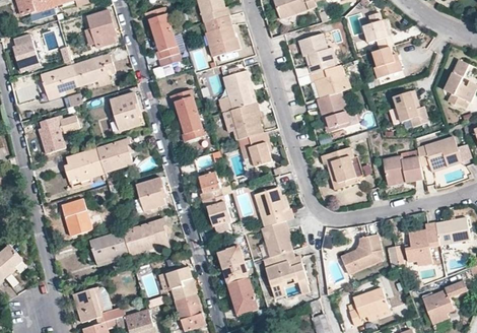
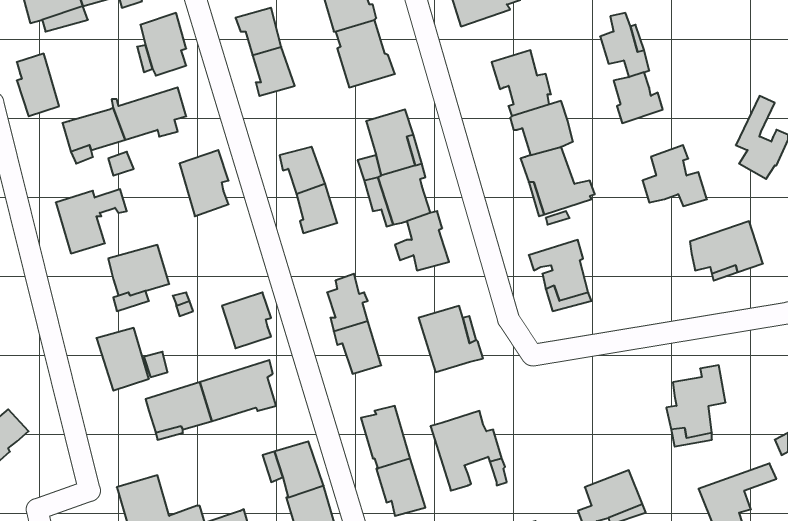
building: [97,139,132,173] -> none
building: [381,154,422,181] -> none
building: [433,215,468,244] -> none
building: [260,219,290,256] -> none
building: [341,232,383,272] -> none

